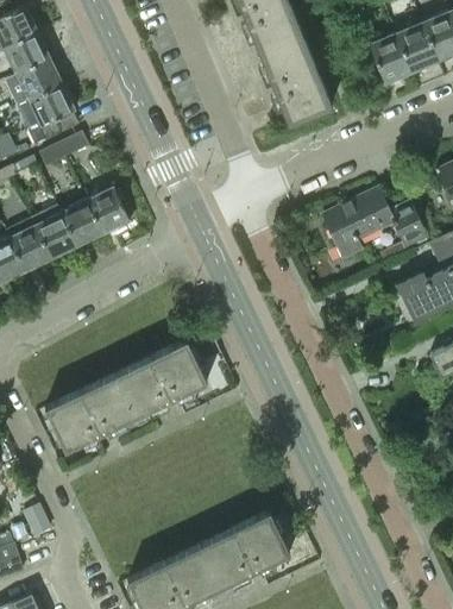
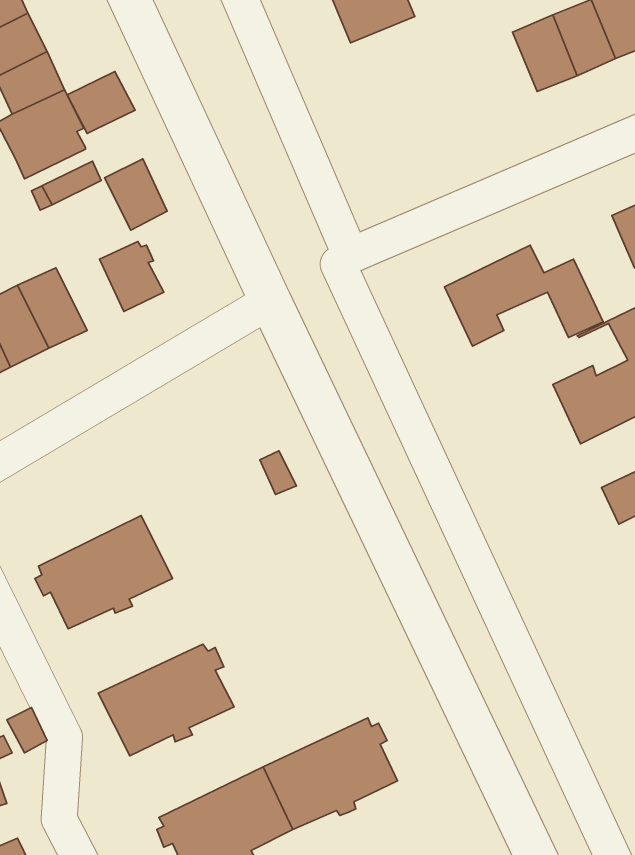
building: [257,33,332,124] -> none
building: none -> [67,71,135,133]
building: [59,199,102,247] -> [105,159,167,230]
building: [114,340,207,416] -> [98,644,234,756]

